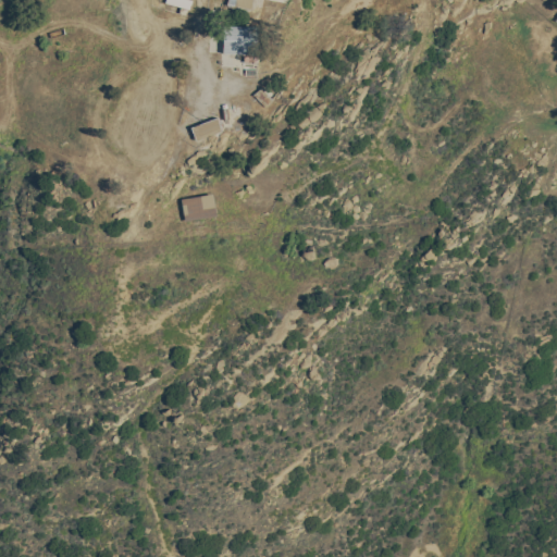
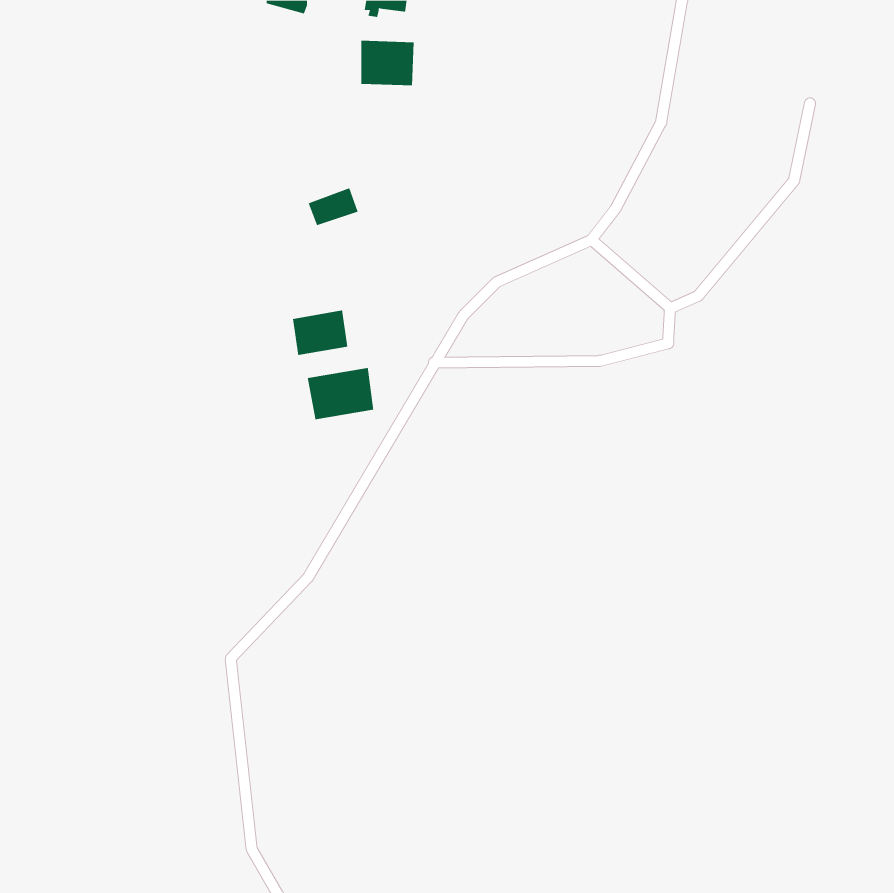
building: none -> [307,367,374,420]

